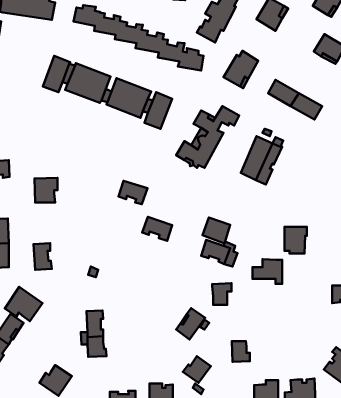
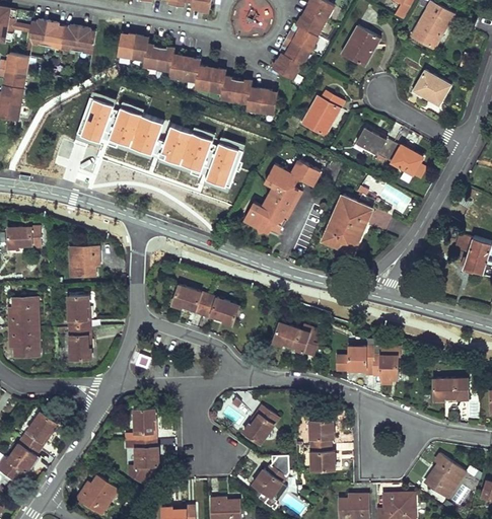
building: [119,181,148,204] -> [173,285,209,313]
building: [202,217,230,243] -> none
building: none -> [68,296,89,327]
building: [284,227,307,253] -> [373,347,401,379]
building: [212,283,231,305] -> [310,420,334,446]
building: [5,287,42,321] -> none

